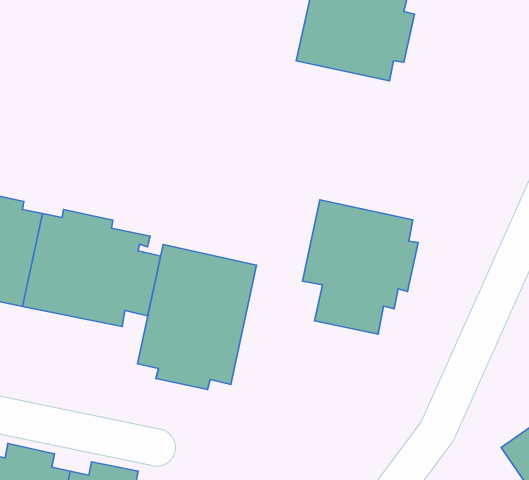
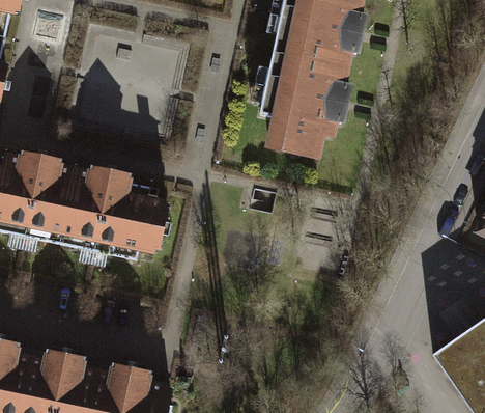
building: [302,200,418,334] -> [260,50,350,155]
building: [138,244,256,390] -> none

